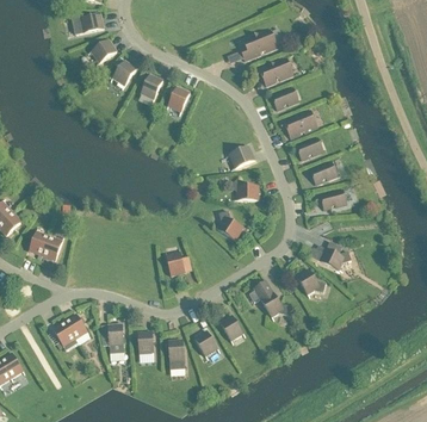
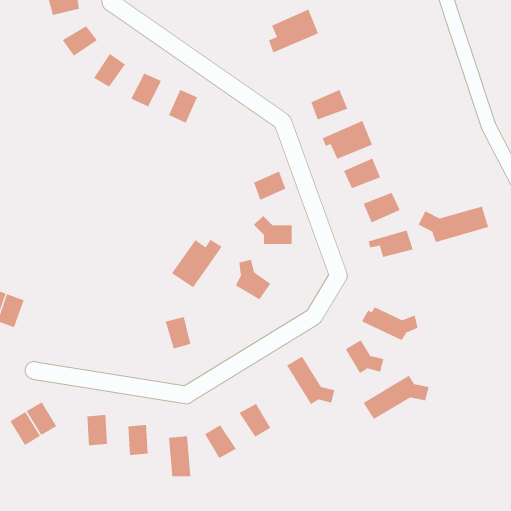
building: [256,56,293,85] -> none
building: none -> [418,206,489,243]
building: none -> [171,239,222,288]
building: none -> [363,375,429,420]

